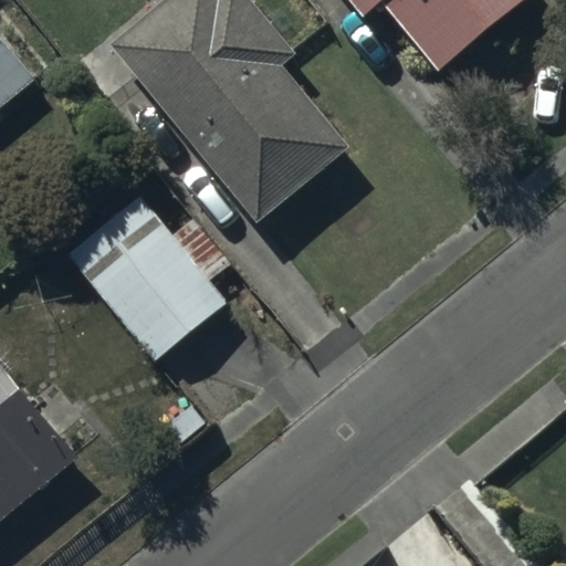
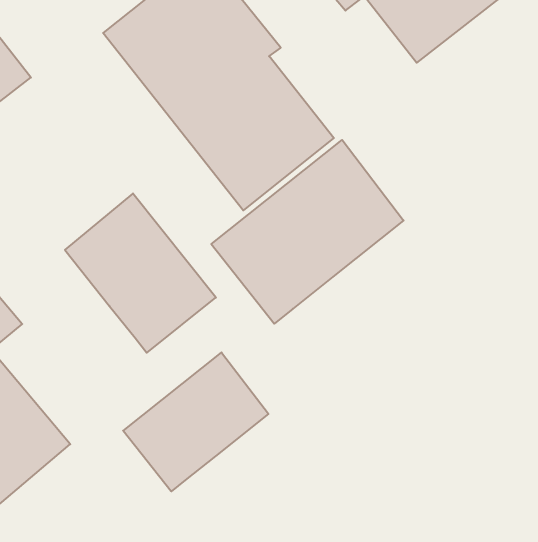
building: none -> [211,140,404,324]
building: none -> [123,352,268,491]

